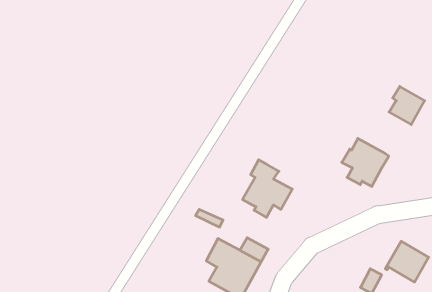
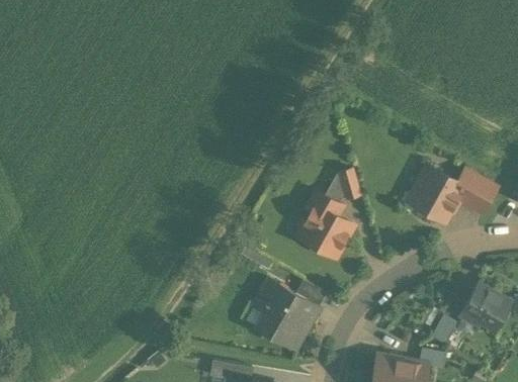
building: [389,86,425,125] -> [456,172,497,215]
building: none -> [325,171,360,205]

